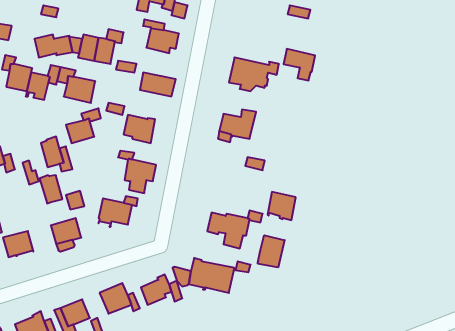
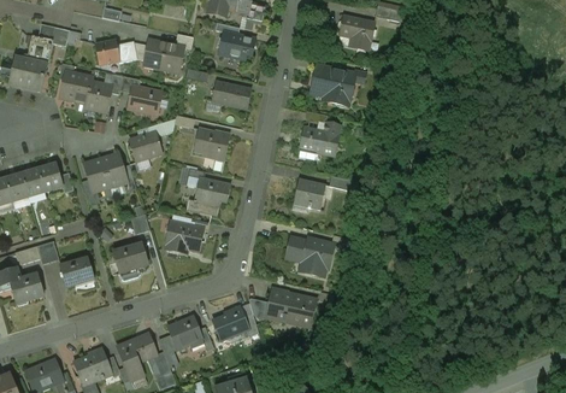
building: [284,49,315,80] -> [338,16,373,51]
building: [40,175,62,203] -> [83,160,108,192]
building: [268,192,296,220] -> [293,178,324,210]
building: [258,235,285,267] -> none

